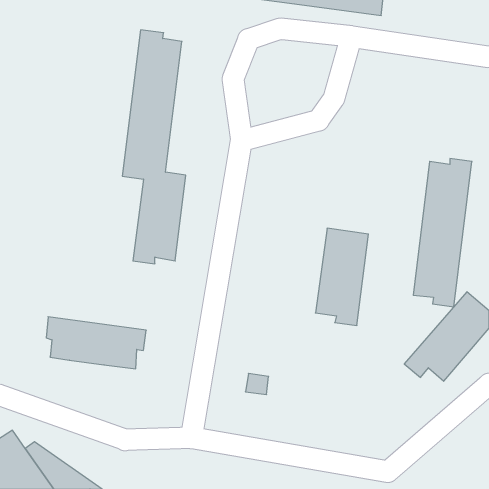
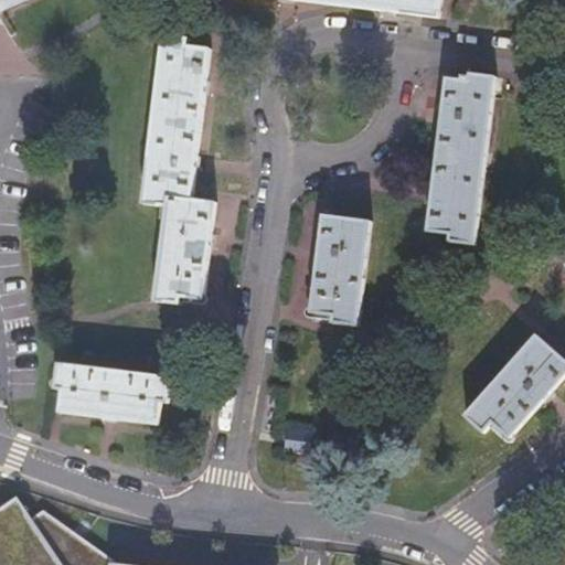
building: [413,159,472,307] -> [426,73,493,243]
building: [315,228,368,325] -> [309,214,370,326]

